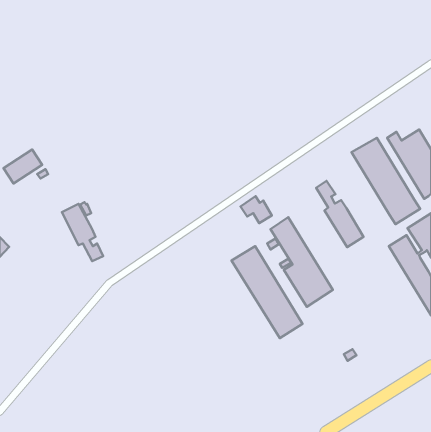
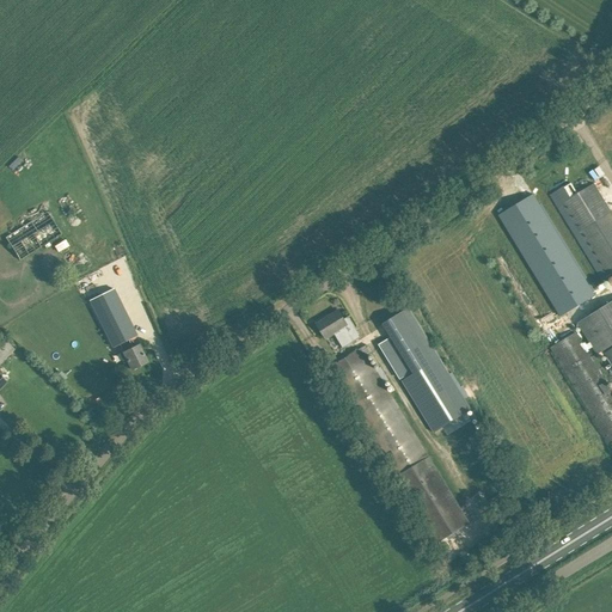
building: [316,181,364,247] -> none
building: [240,196,272,223] -> [316,310,360,348]
building: none -> [396,458,469,543]

